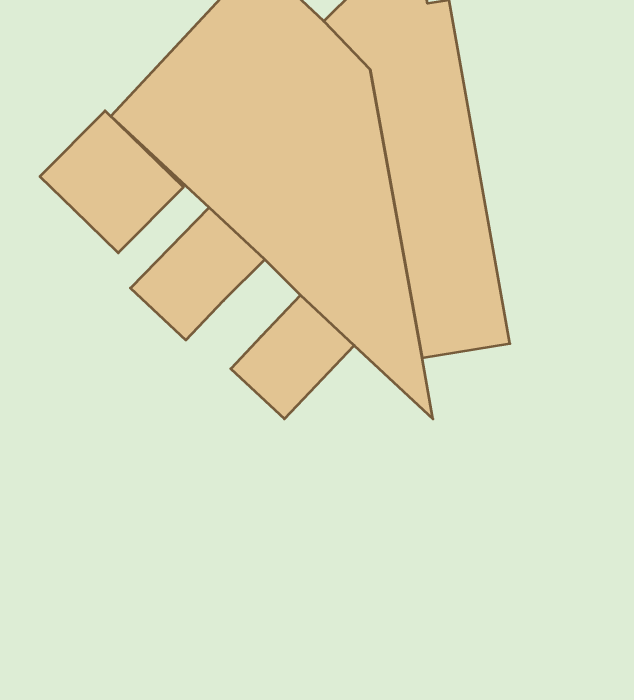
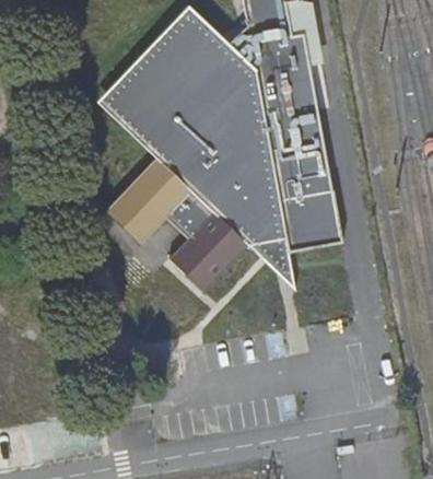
building: [40,111,183,253] -> none
building: none -> [165,191,212,238]

